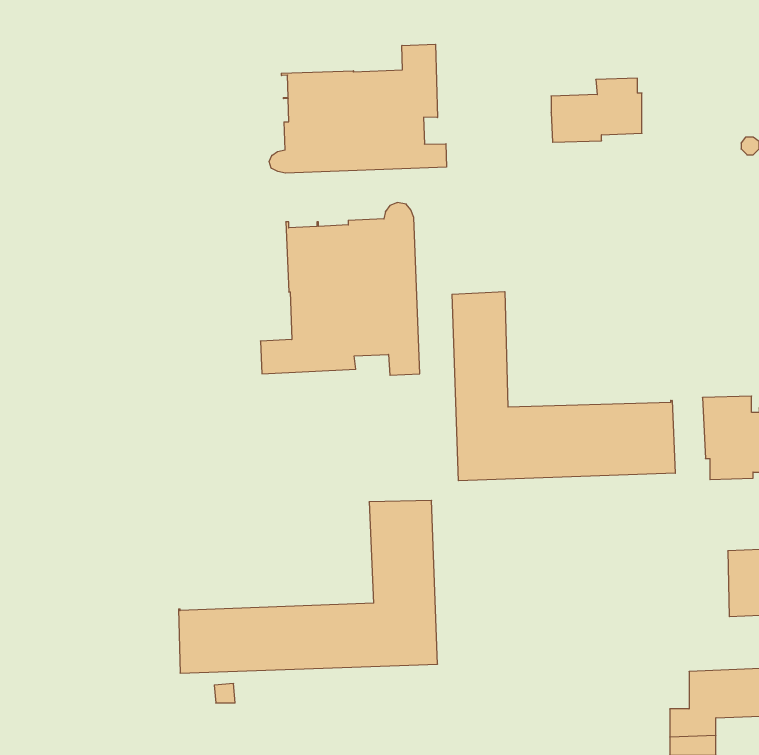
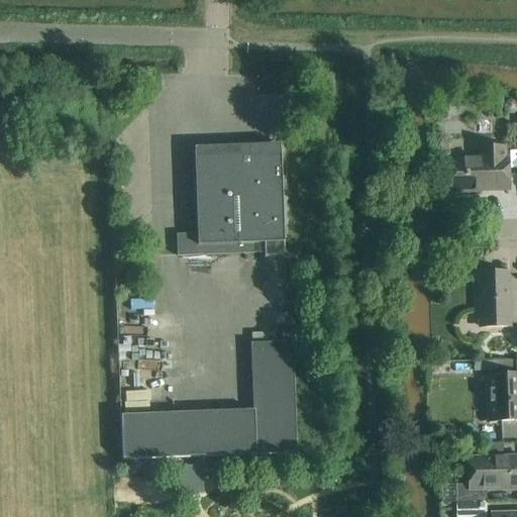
building: [269,44,446,173] -> none
building: [551,78,642,142] -> [447,145,509,189]
building: [452,292,675,481] -> none

